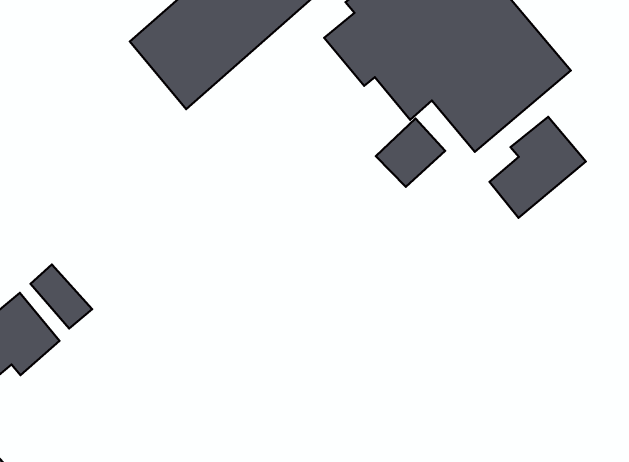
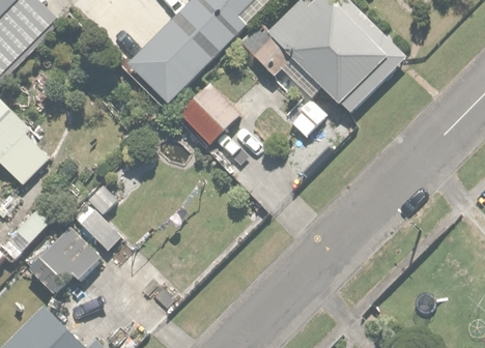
building: none -> [176,79,241,144]
building: [489,117,586,218] -> none

